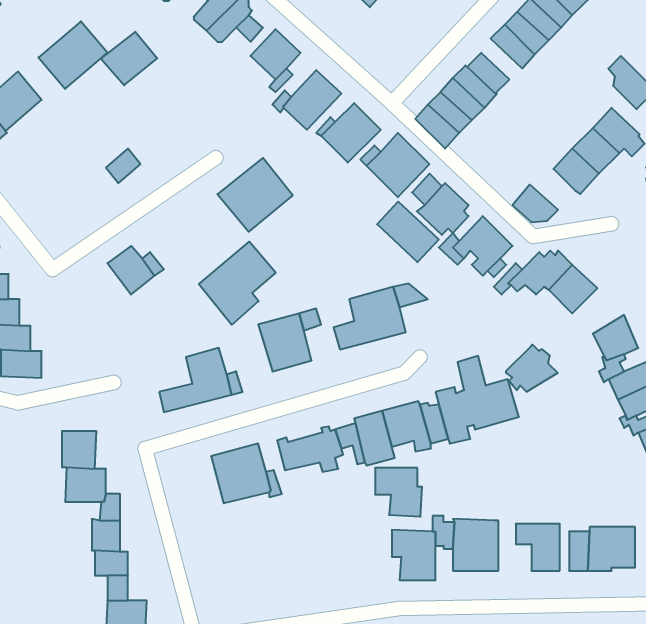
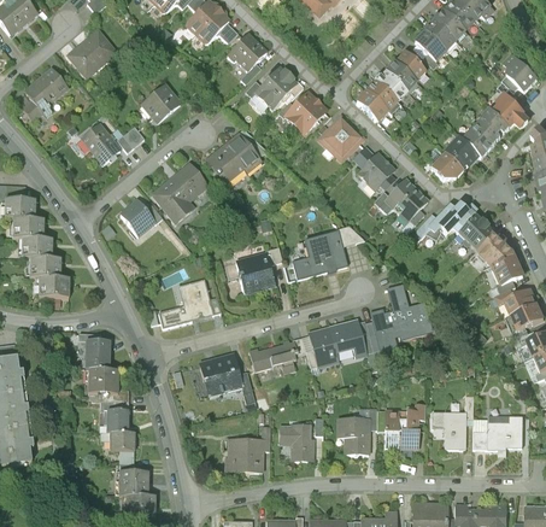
building: [101,32,157,85] -> [139,83,182,124]
building: none -> [80,123,119,165]
building: none -> [442,136,477,171]
building: [377,202,439,262] -> none
building: [199,242,276,325] -> [149,160,209,224]
building: [506,345,558,392] -> [475,230,515,267]
building: [375,468,422,517] -> [278,424,315,462]
building: none -> [224,438,263,473]

